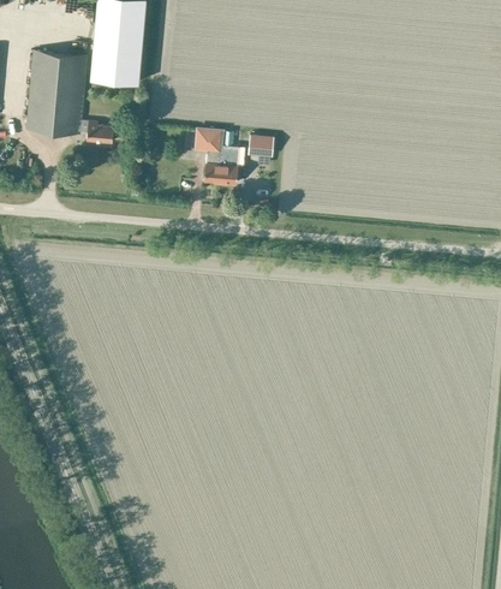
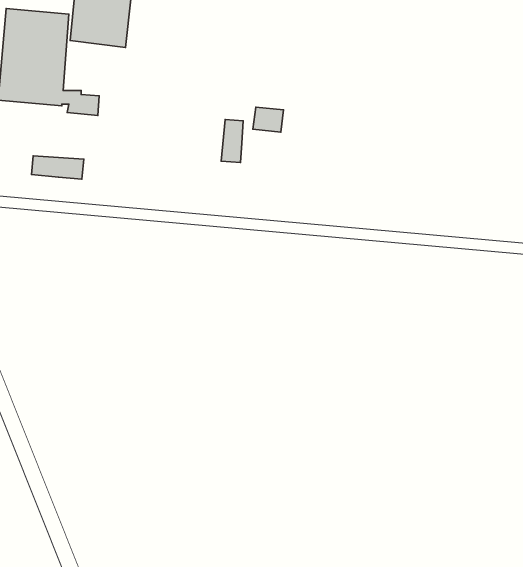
building: [195,132,223,185] -> none
building: none -> [32,156,84,179]

